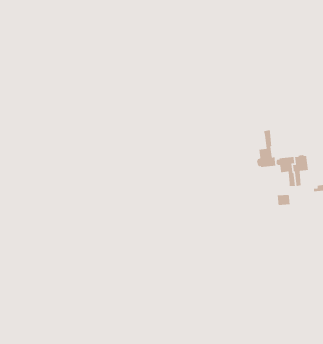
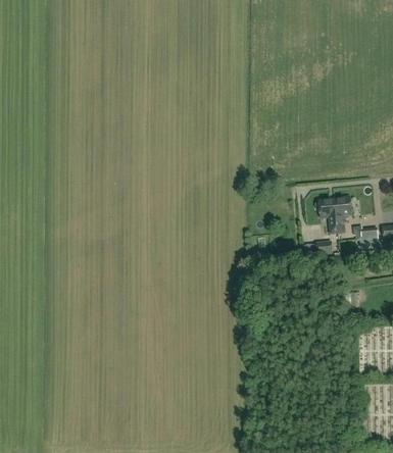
building: [256,129,276,168] -> none

